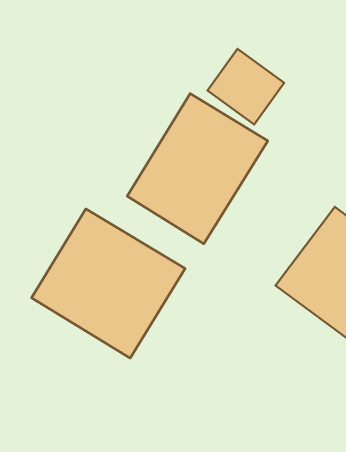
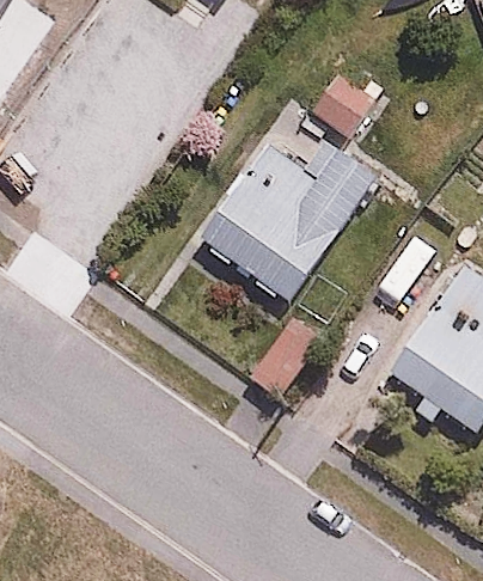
building: [32,209,185,358] -> none

